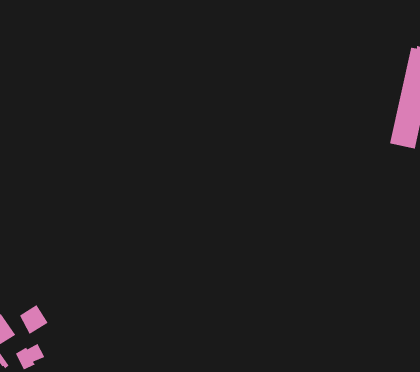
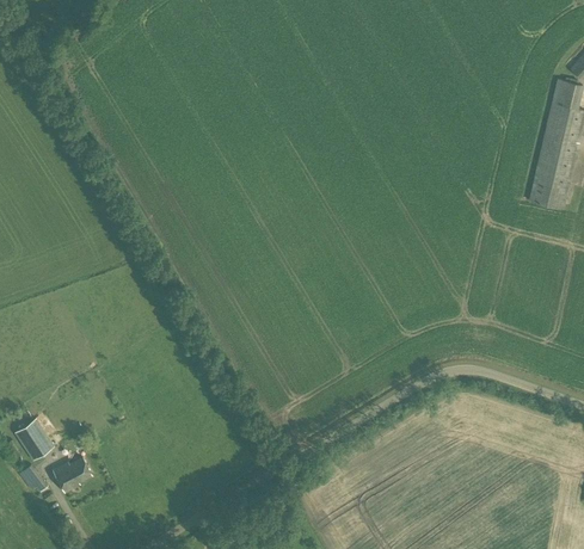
building: [19,304,48,335] -> none

